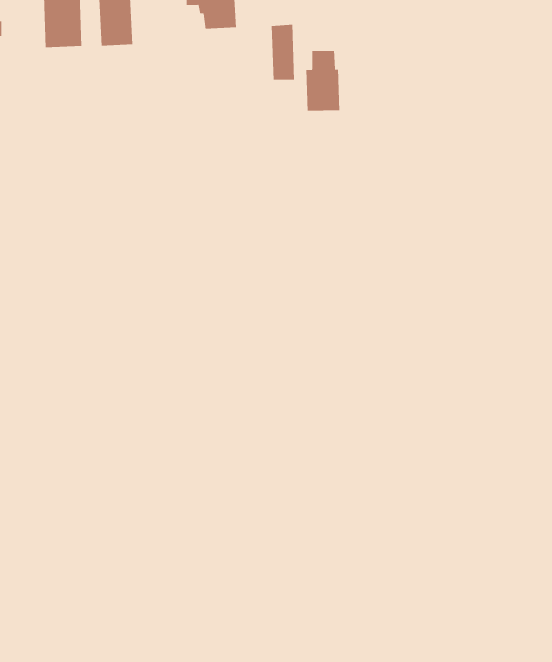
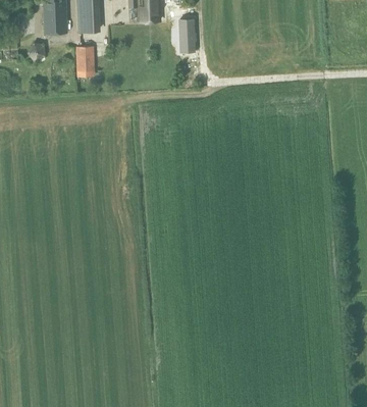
building: [306,50,340,112] -> none
building: none -> [77,49,96,74]

